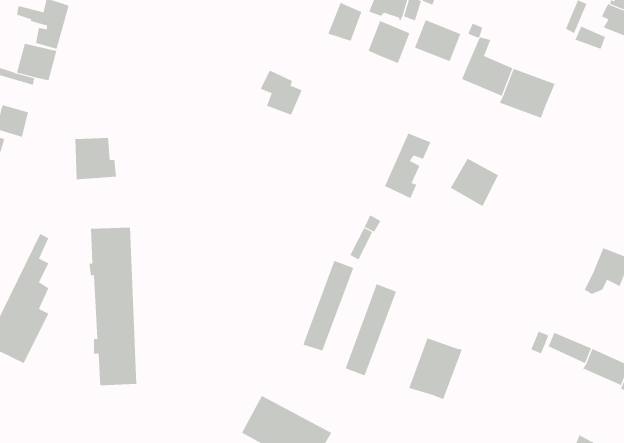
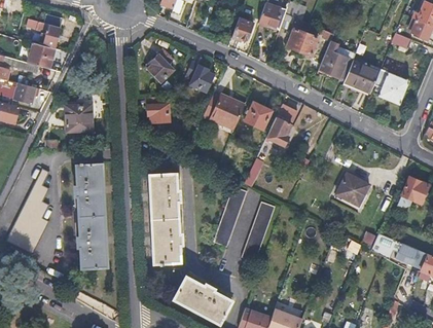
building: [368,20,410,64] -> none
building: none -> [146,48,173,81]
building: none -> [373,69,409,105]
building: none -> [203,94,246,131]
building: none -> [145,96,169,121]
building: none -> [246,101,273,127]
building: [450,158,499,207] -> [336,173,368,205]
building: none -> [150,173,183,261]
building: [408,338,462,400] -> none

